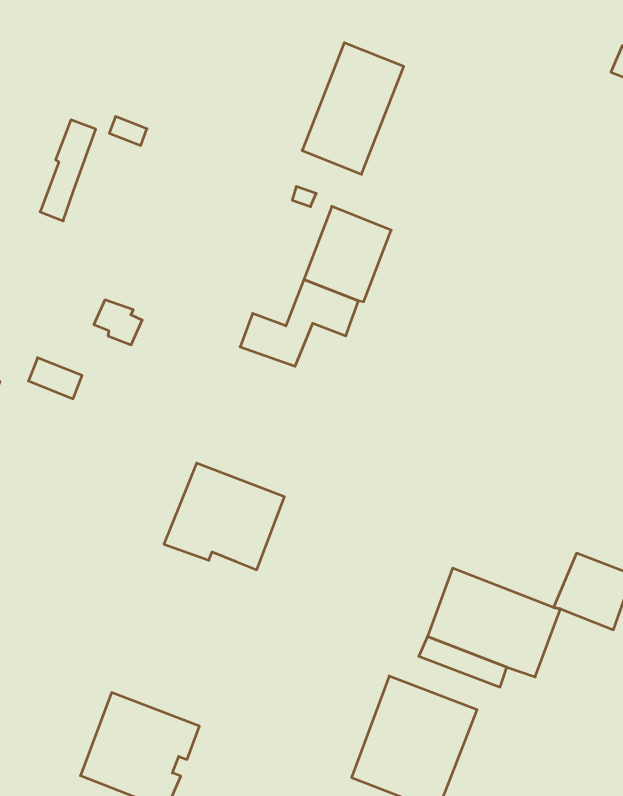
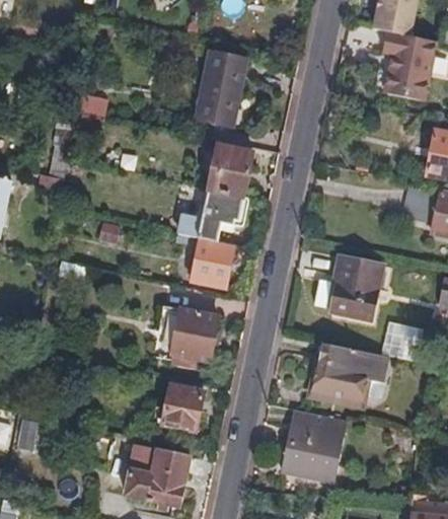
building: none -> [175,235,233,288]
building: none -> [315,256,385,315]
building: none -> [161,386,203,434]

